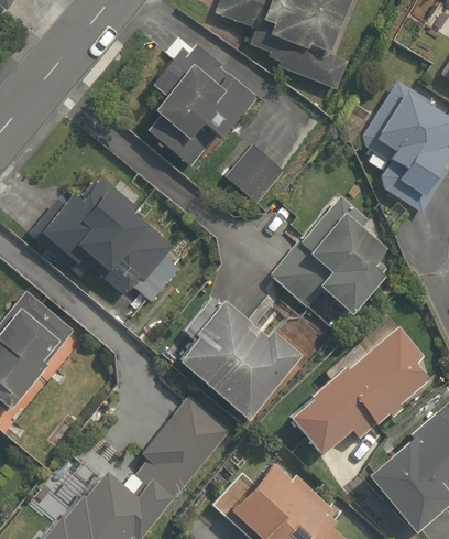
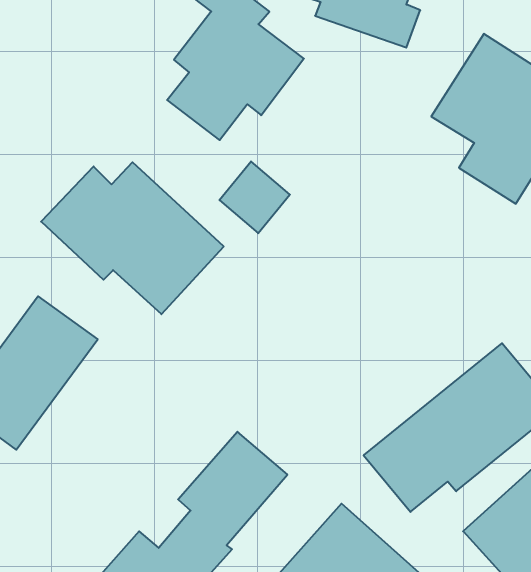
building: [220,145,276,203] -> [219,161,290,233]
building: [277,197,398,333] -> none
building: [179,292,304,424] -> none

